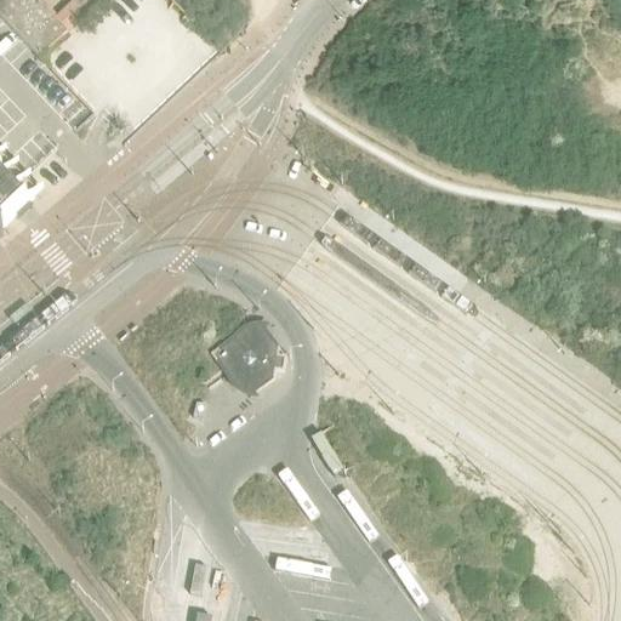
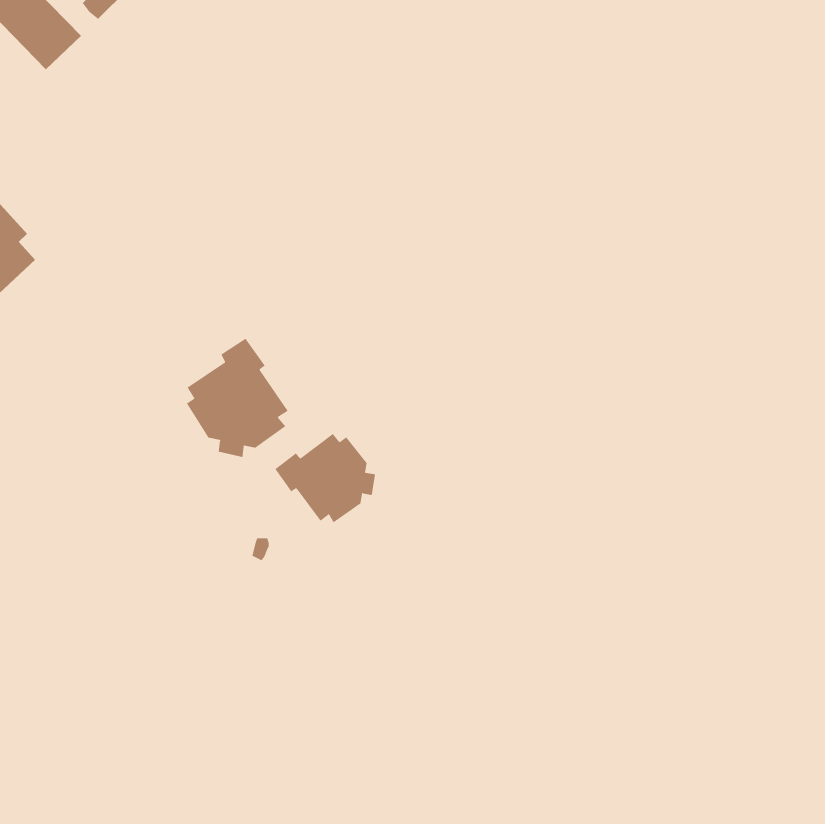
building: none -> [186,338,288,458]

